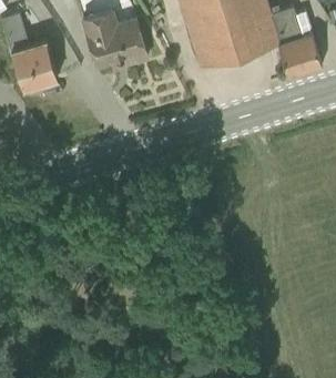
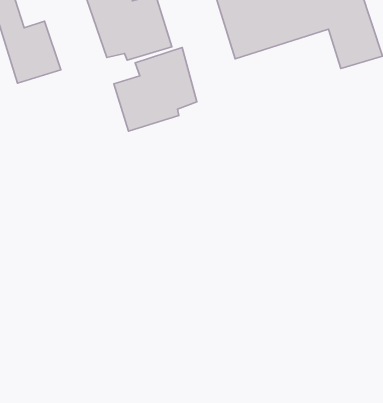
building: none -> [114,48,197,131]

